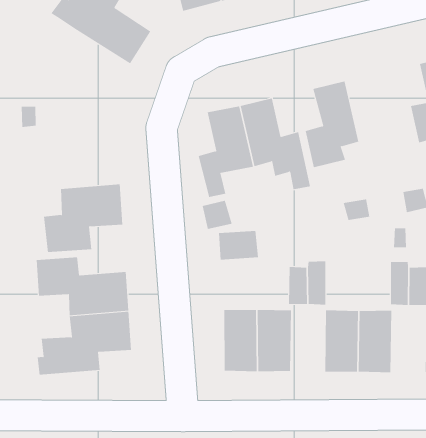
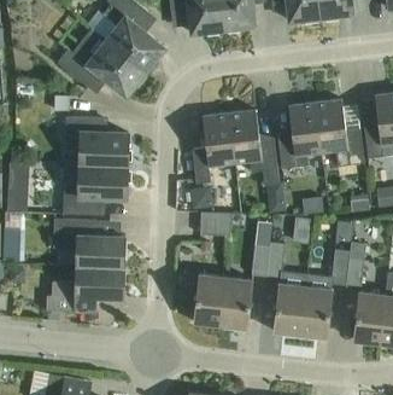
building: none -> [58,28,146,97]
building: none -> [315,99,364,167]
building: none -> [65,117,129,165]

